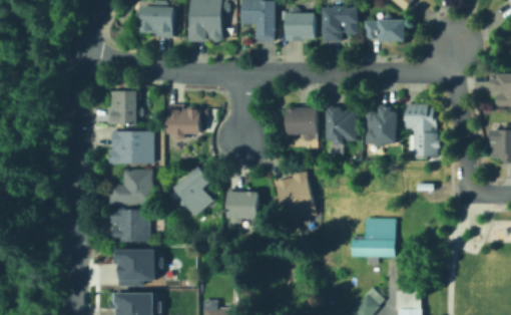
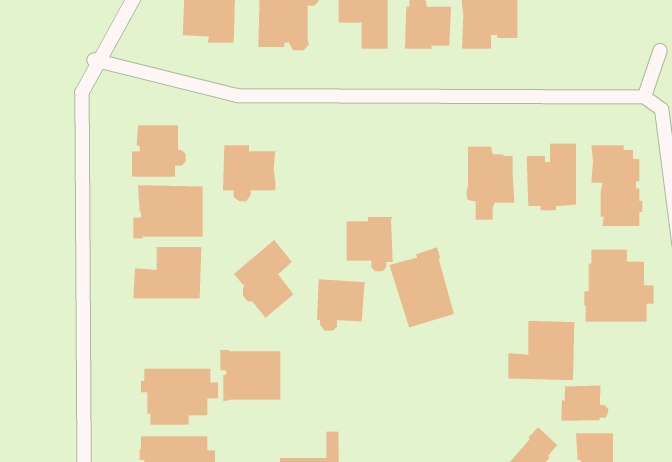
building: [363,15,406,41] -> none
building: [287,104,318,140] -> [346,216,393,272]
building: none -> [584,249,654,322]
building: [110,209,150,243] -> [219,349,281,402]
building: none -> [561,385,609,422]

